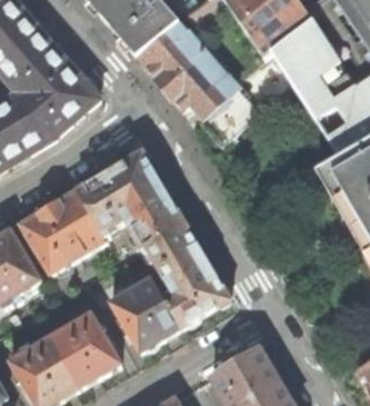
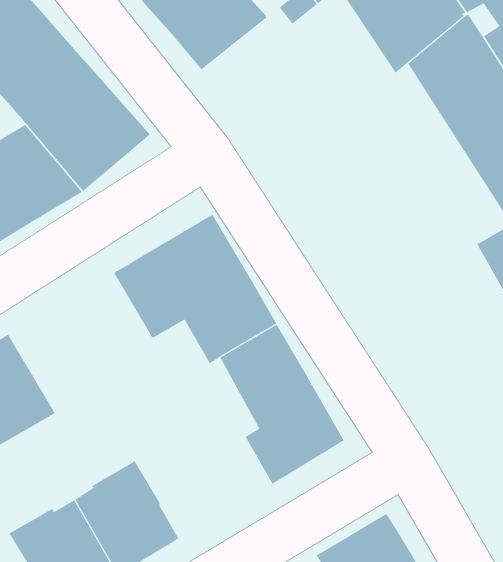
building: [136,21,259,146] -> none
building: [22,189,107,273] -> none
building: [111,278,182,351] -> none

